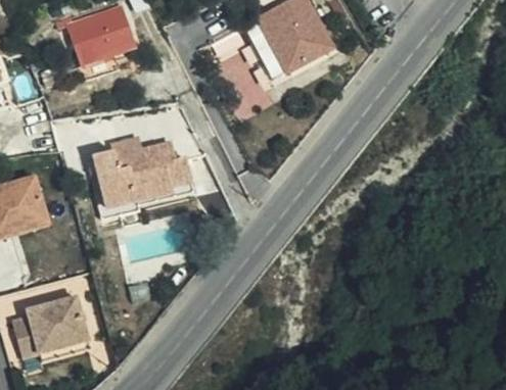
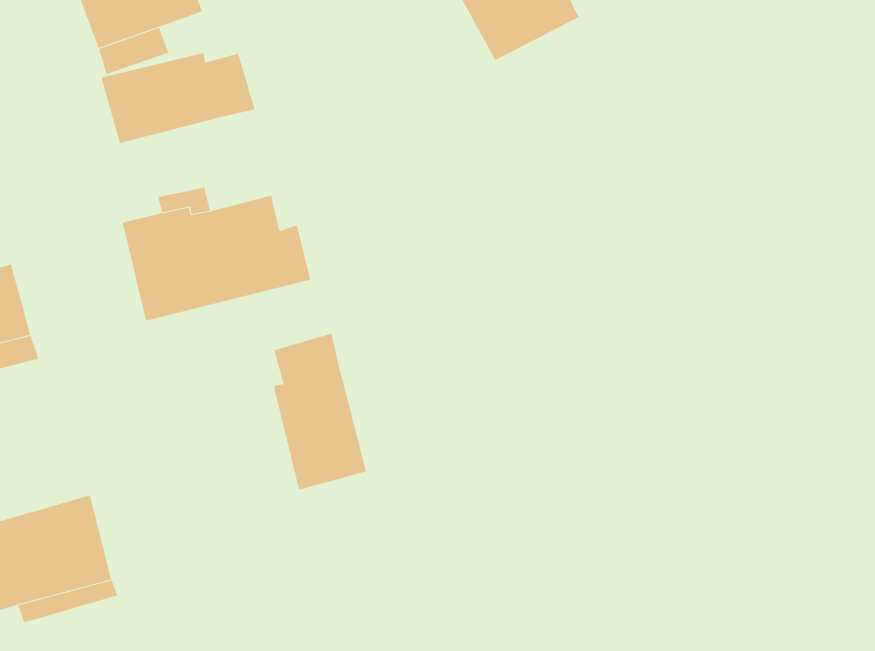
building: none -> [101,52,255,144]
building: none -> [273,333,366,491]

